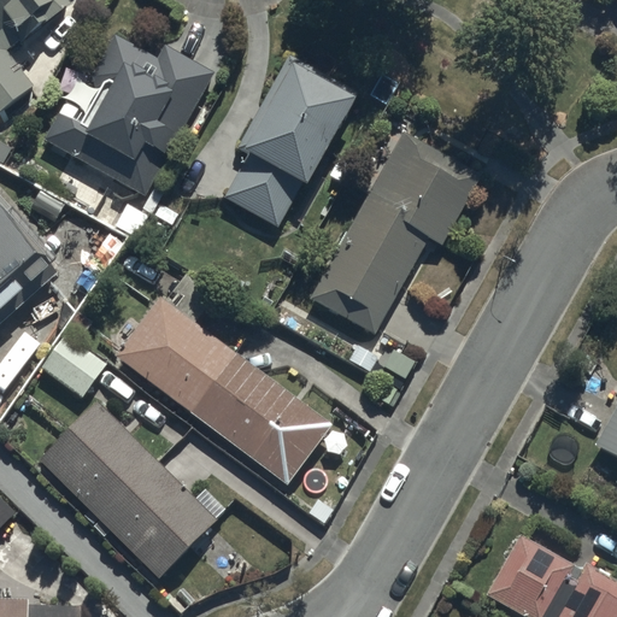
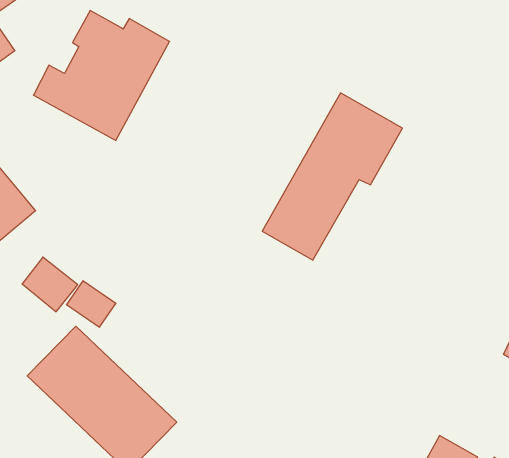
building: [227,64,355,224] -> none
building: [123,305,325,480] -> none

